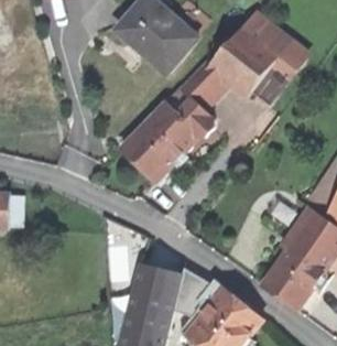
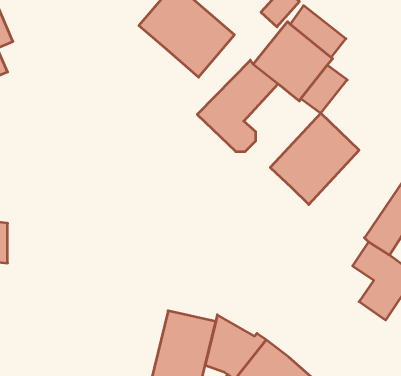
building: [122,104,196,180] -> [270,113,359,205]
building: [261,229,322,311] -> none

